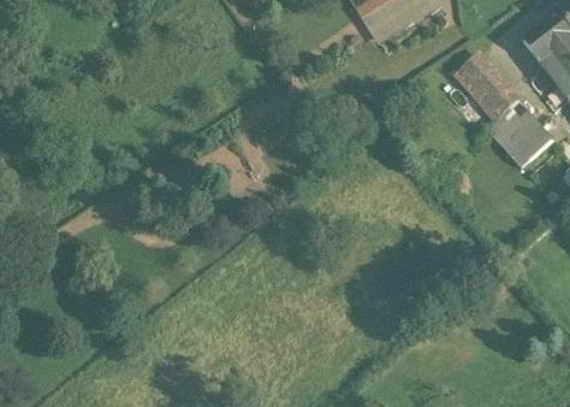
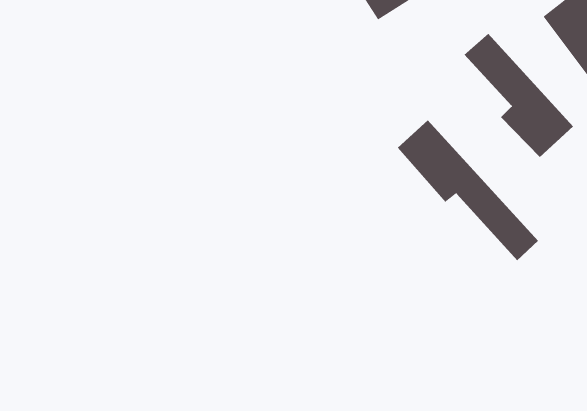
building: none -> [397,120,539,261]

